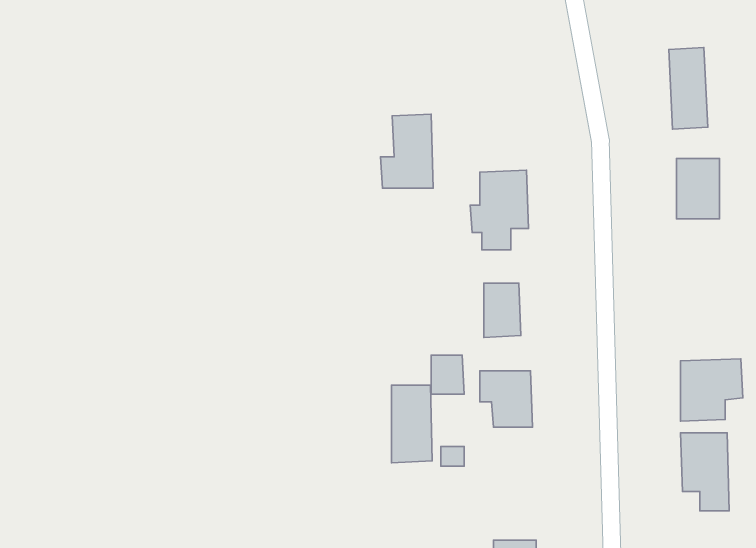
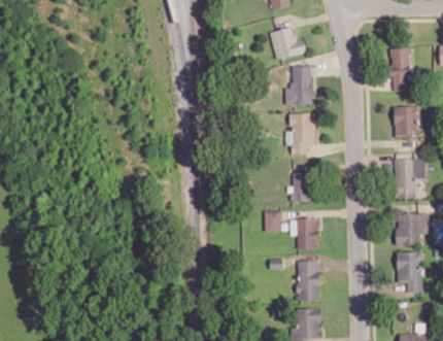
building: none -> [271,27,306,59]
building: [380,114,433,188] -> [285,65,313,104]
building: none -> [395,159,425,198]
building: [391,385,432,463] -> [298,260,319,301]

